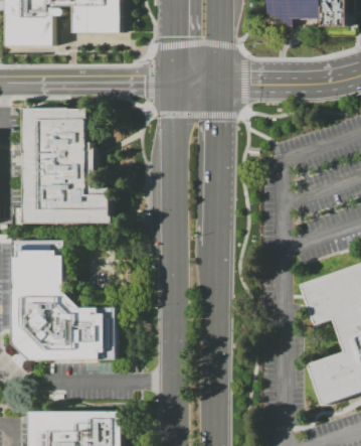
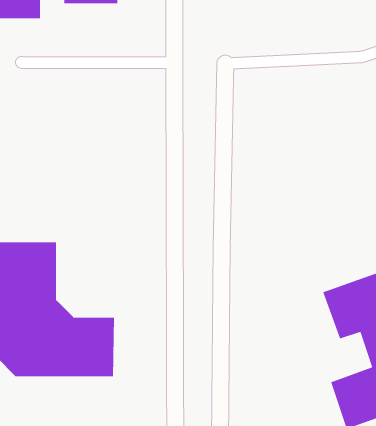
building: [20,107,110,225] -> none

